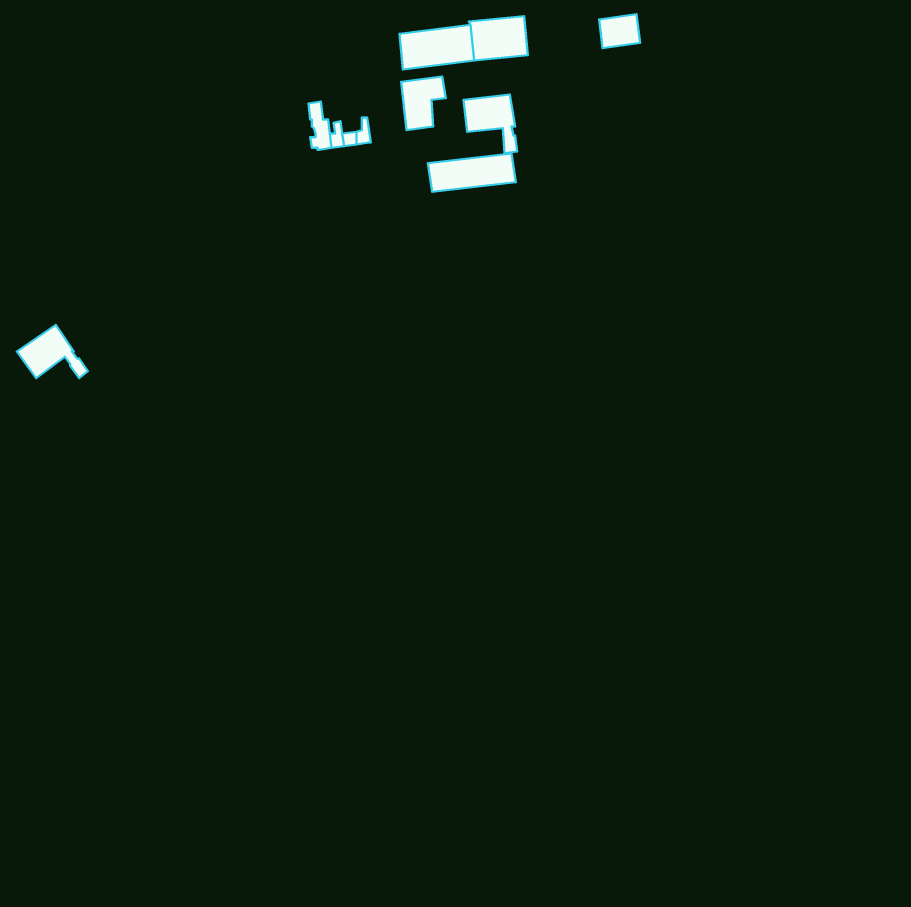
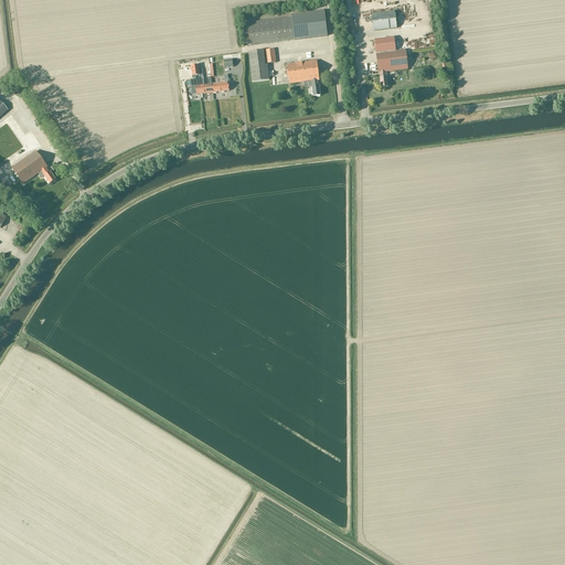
building: none -> [374,35,407,86]
building: [428,154,516,192] -> none
building: [17,325,88,378] -> [11,149,55,182]

